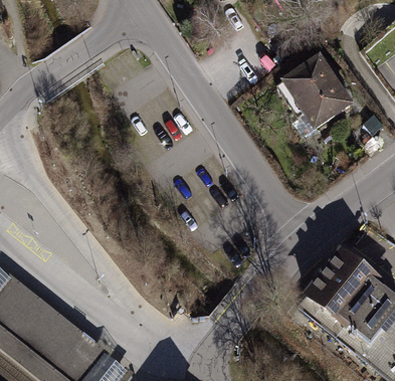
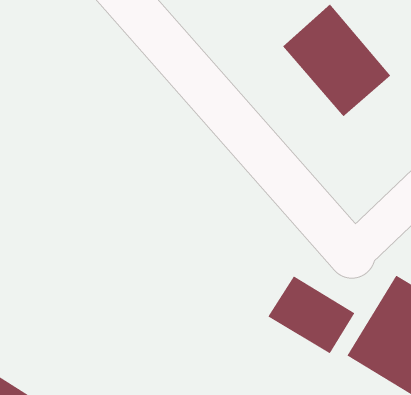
building: none -> [267,276,355,354]

